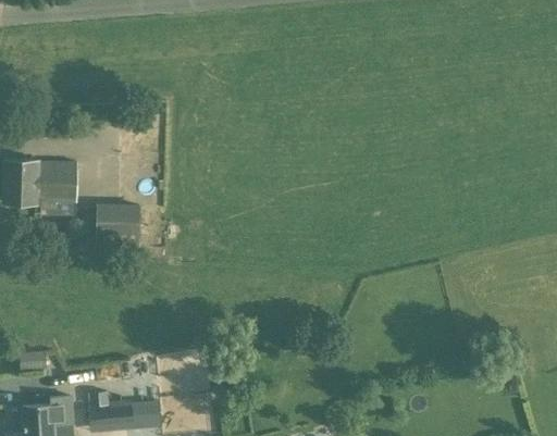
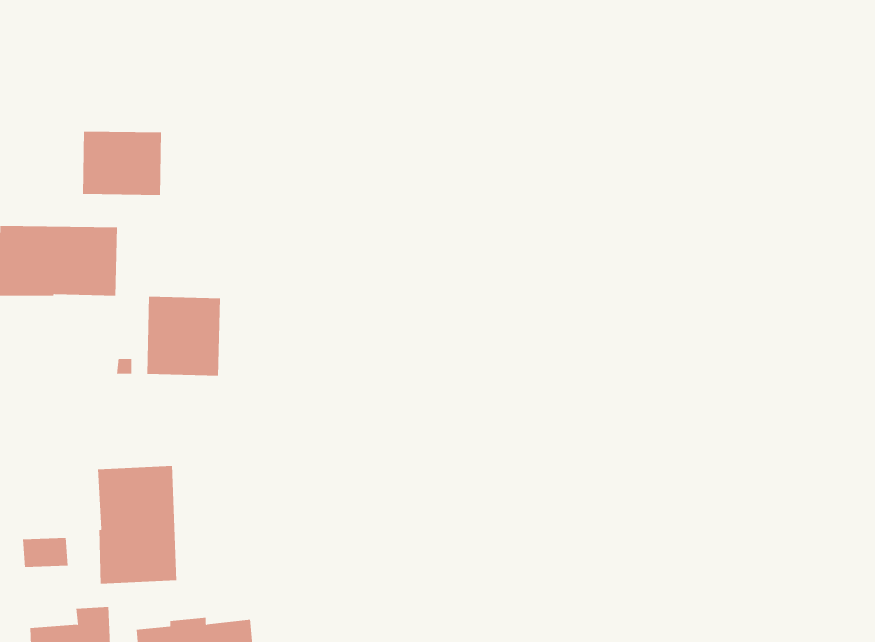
building: none -> [83,131,161,196]
building: none -> [97,465,177,585]

